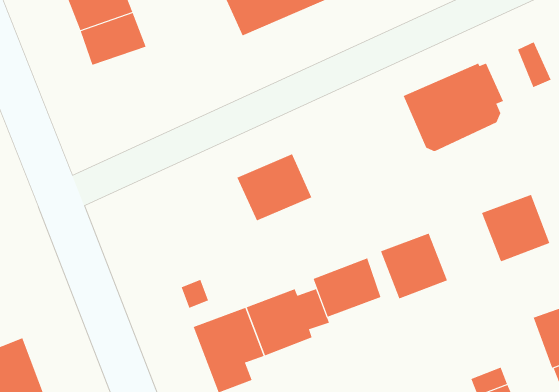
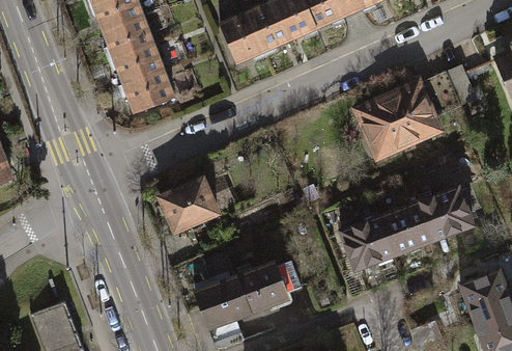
building: none -> [117,71,169,112]
building: none -> [425,73,461,113]
building: [237,154,312,221] -> [161,178,220,231]
building: none -> [380,200,435,253]
building: [313,257,381,317] -> none

